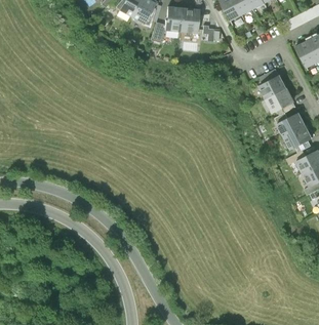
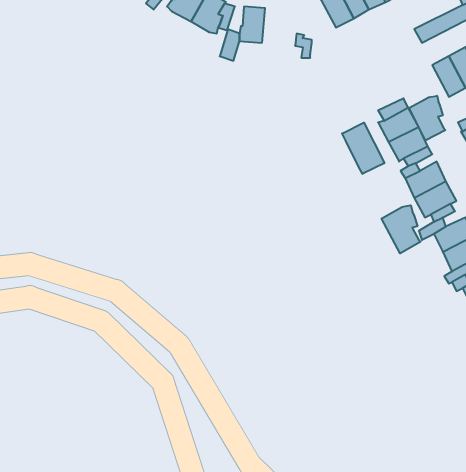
building: [180,7,199,33] -> none
building: none -> [409,96,445,141]
building: none -> [342,123,384,174]
building: none -> [382,205,421,253]

